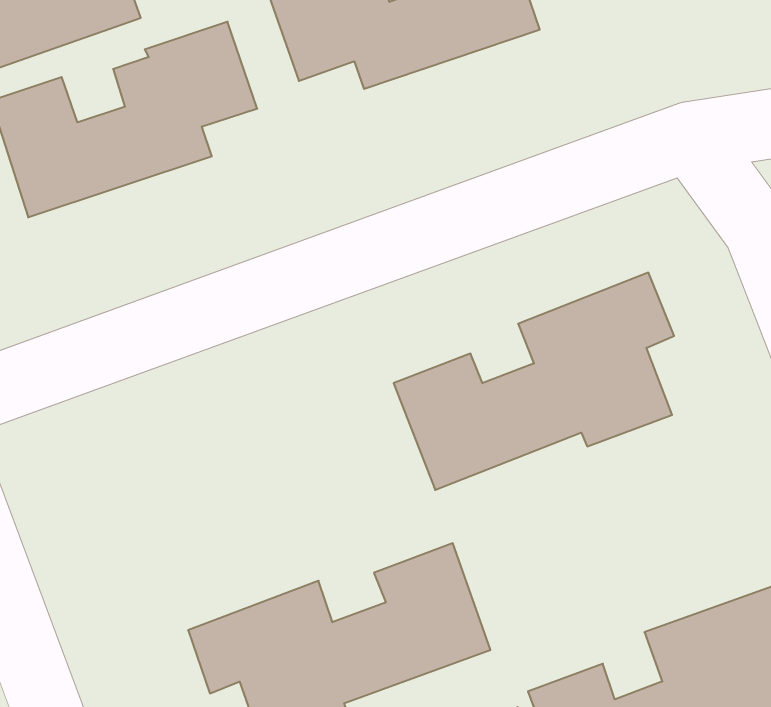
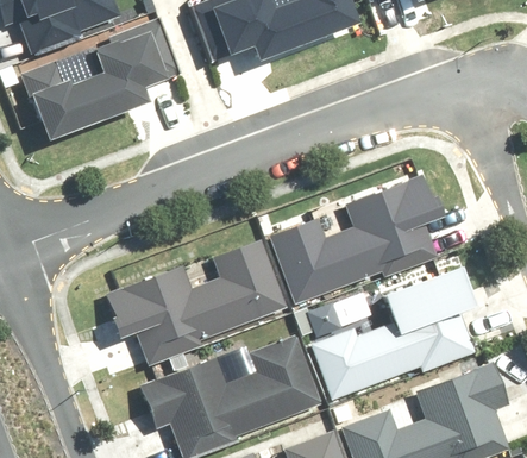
building: none -> [107,237,289,365]
building: none -> [306,268,475,394]

